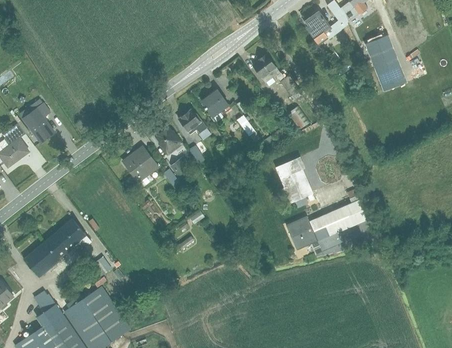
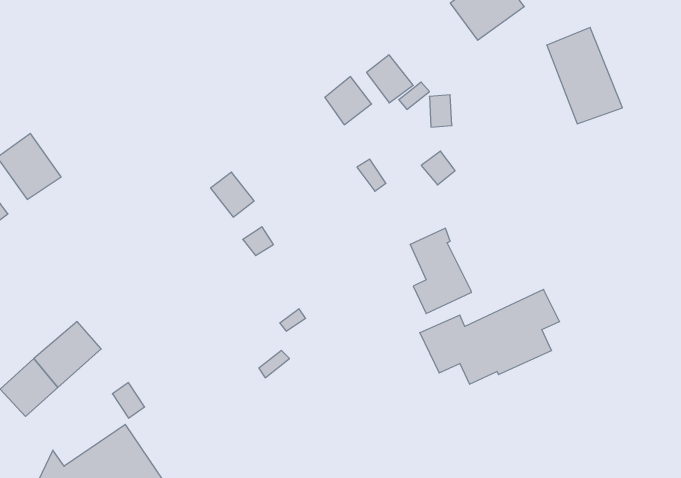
building: [199,87,228,117] -> [325,77,372,125]
building: [177,108,205,137] -> none
building: [120,144,158,182] -> none

